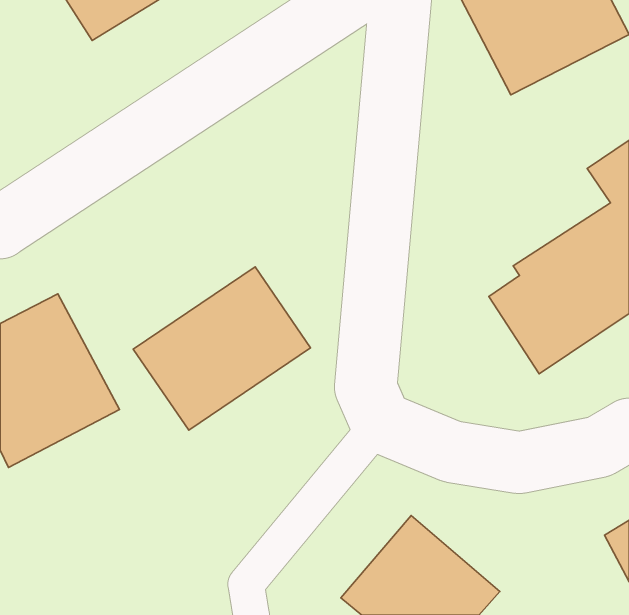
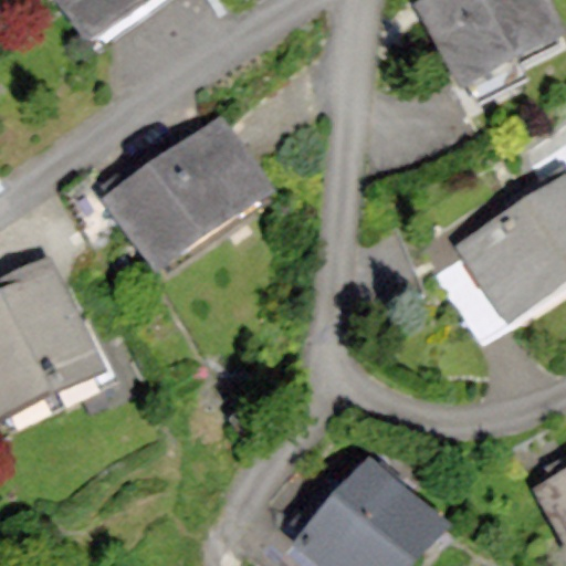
building: [133,267,311,430] -> [111,117,270,264]

